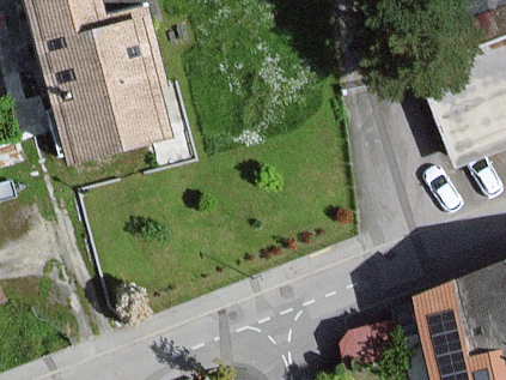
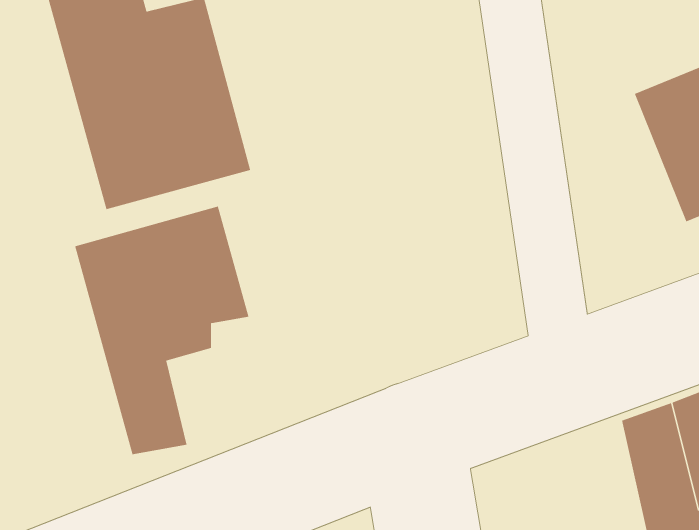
building: none -> [74,206,249,455]

